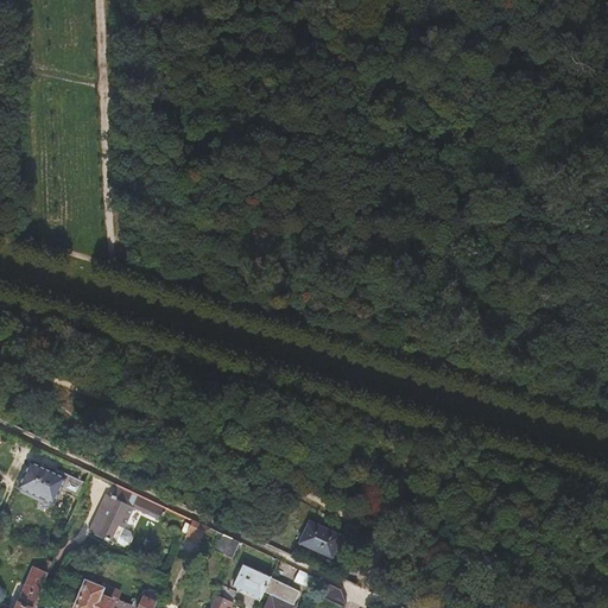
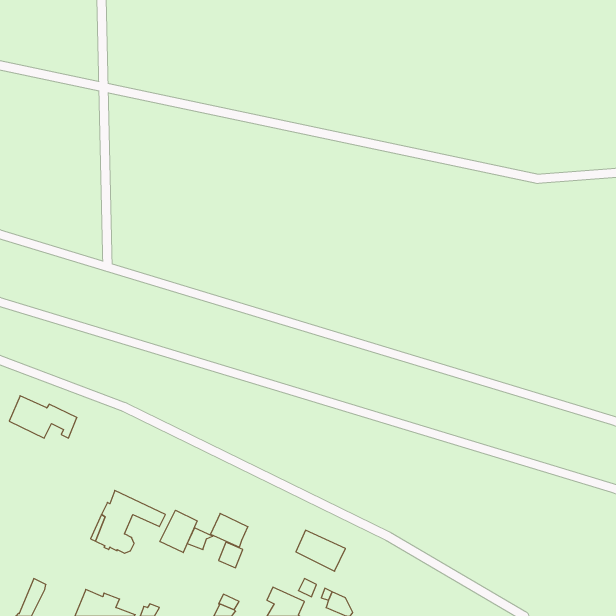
building: [18,462,84,504] -> [9,396,77,438]
building: none -> [160,510,197,553]
building: [232,564,268,597] -> [210,513,248,547]

